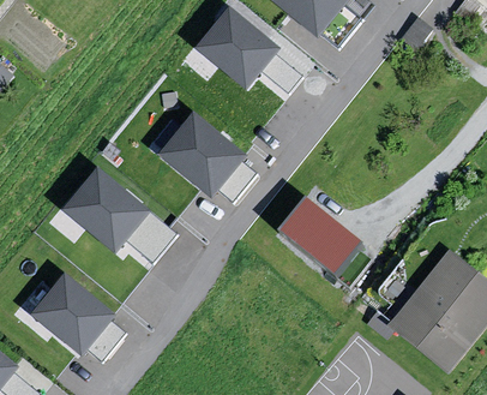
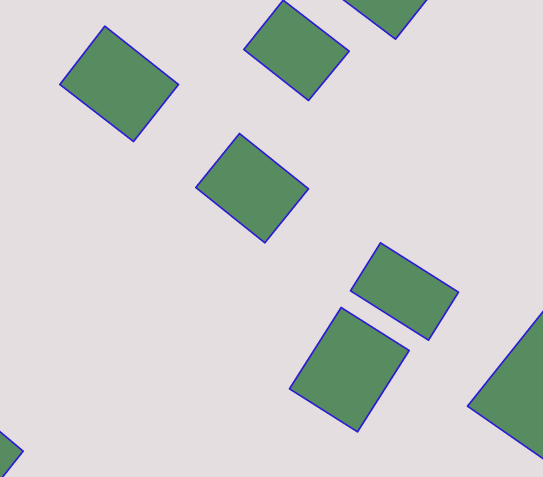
building: [60,163,155,256] -> [60,26,179,142]
building: none -> [290,308,409,432]
building: [31,271,118,357] -> none

